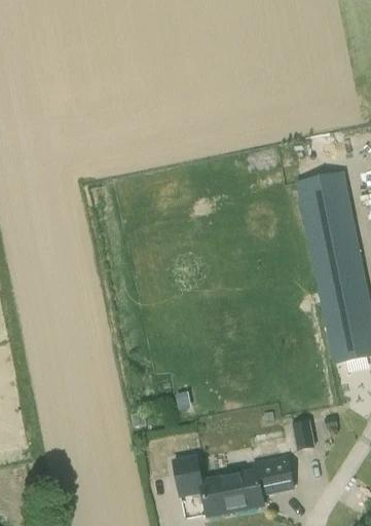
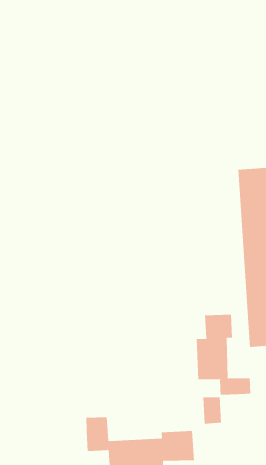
building: none -> [196,314,251,396]

